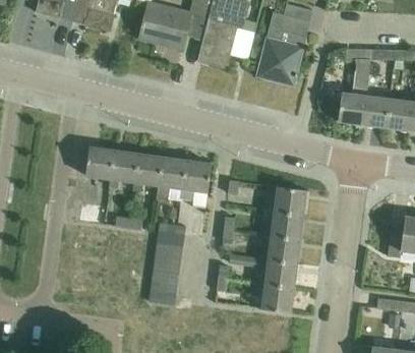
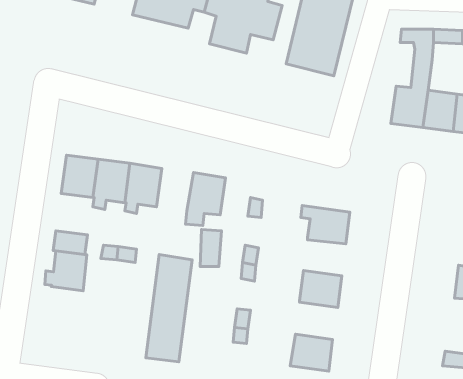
building: [156,157,186,200] -> none
building: [260,208,303,239] -> none
building: none -> [45,251,87,291]
building: [230,253,297,288] -> none

